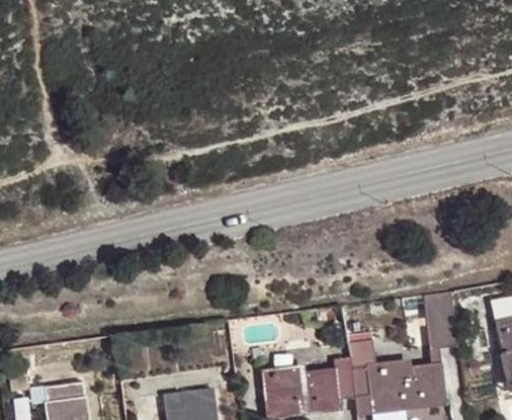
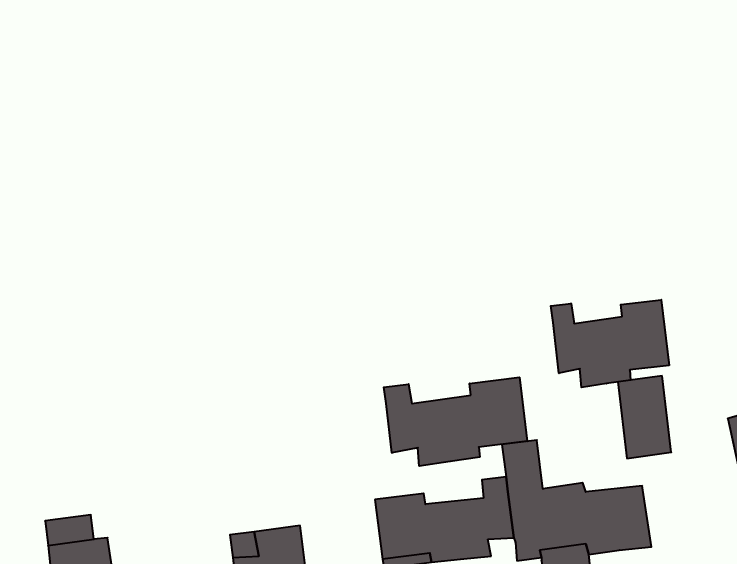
building: none -> [551,300,669,387]
building: none -> [384,377,527,466]

